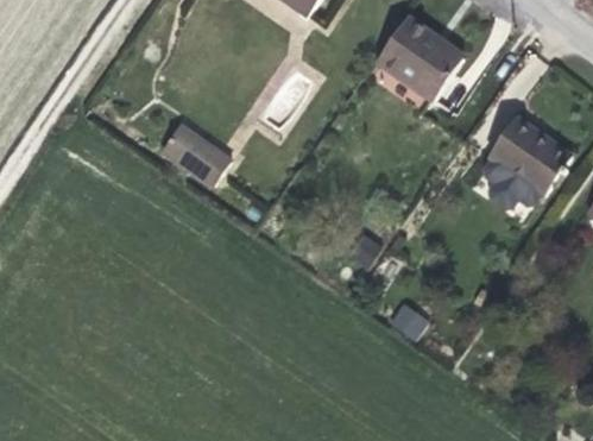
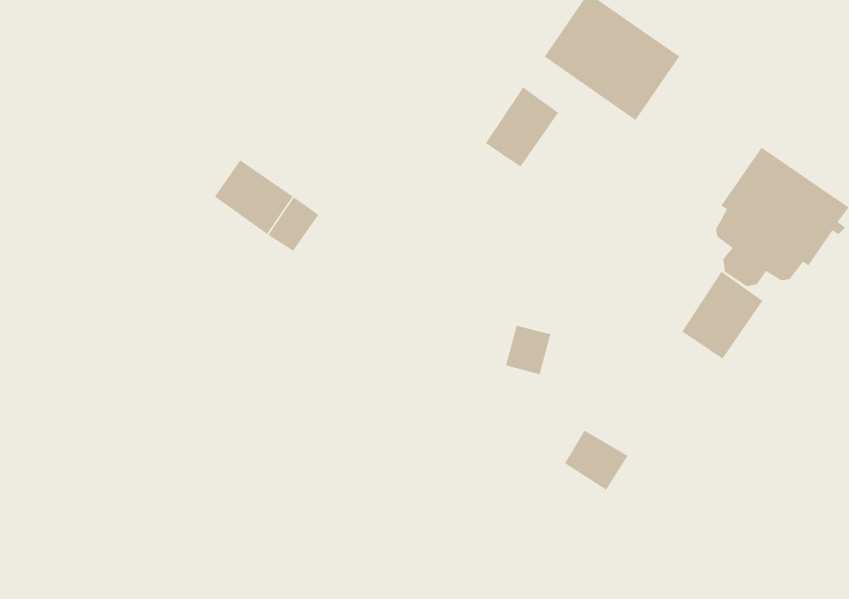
building: none -> [485,87,559,168]
building: none -> [682,271,763,359]

